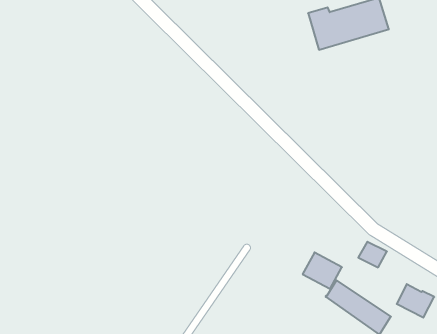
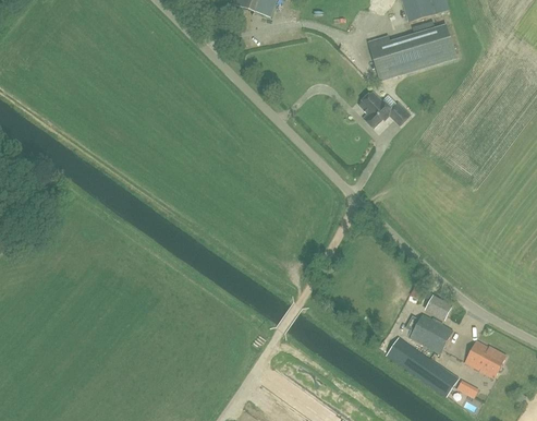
building: none -> [358,91,411,129]
building: [303,252,342,289] -> [410,313,453,353]

